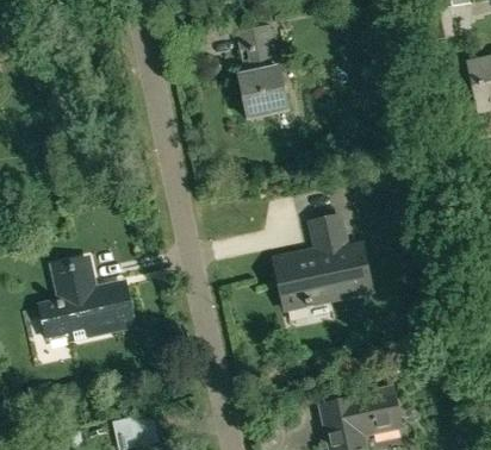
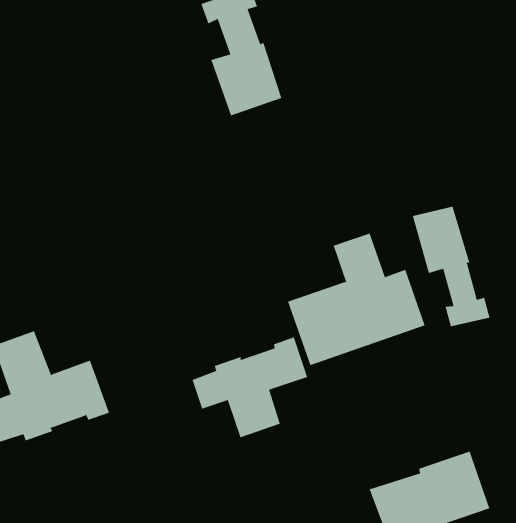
building: none -> [412,206,490,327]
building: none -> [192,337,308,438]

